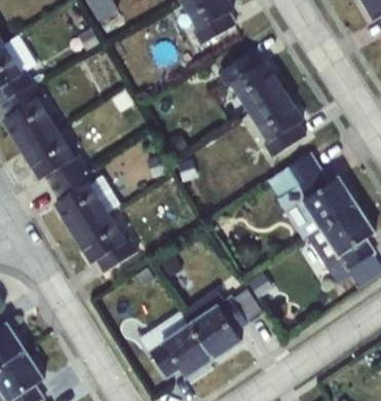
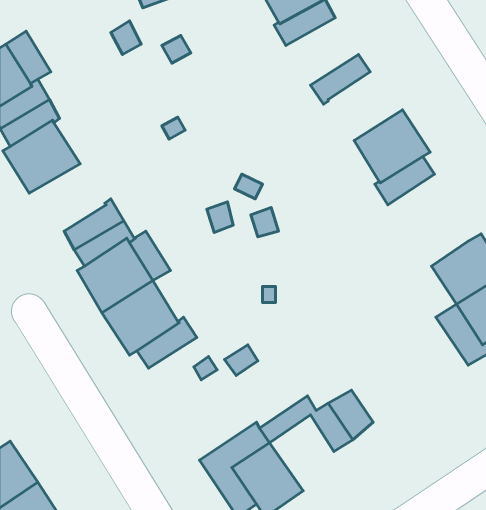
building: [231,62,283,113] -> none
building: [21,130,75,180] -> none
building: [268,154,330,241] -> none
building: [190,306,241,360] -> none

